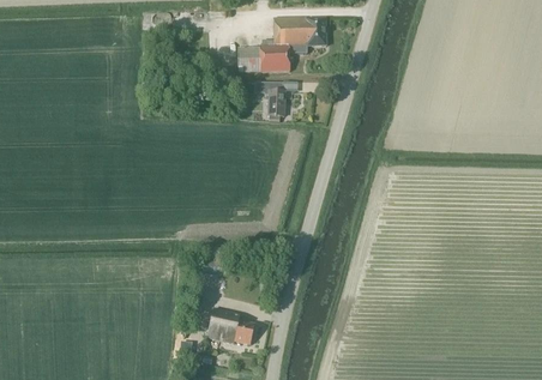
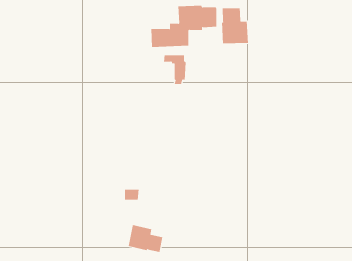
building: none -> [221,8,248,44]

